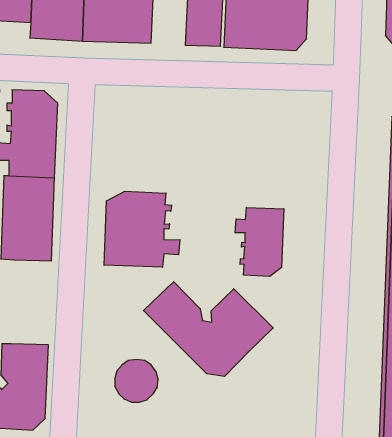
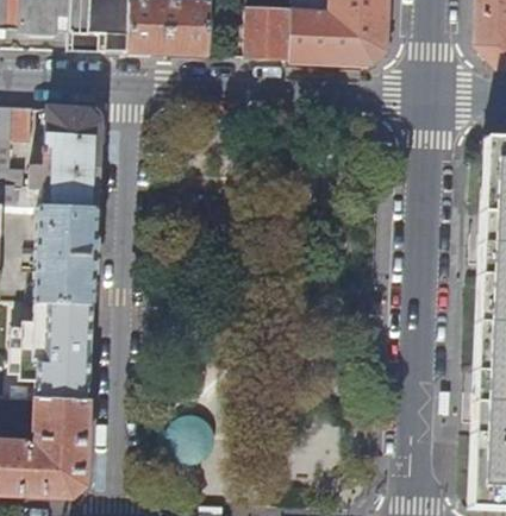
building: [104,191,180,267] -> none
building: [235,207,284,276] -> none
building: none -> [45,303,92,401]
building: [143,282,273,376] -> none

